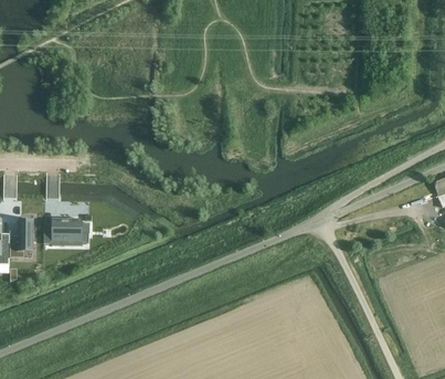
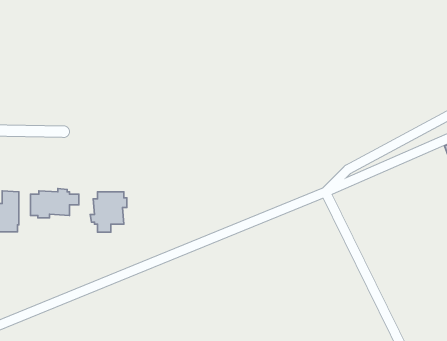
building: none -> [90,192,127,232]

